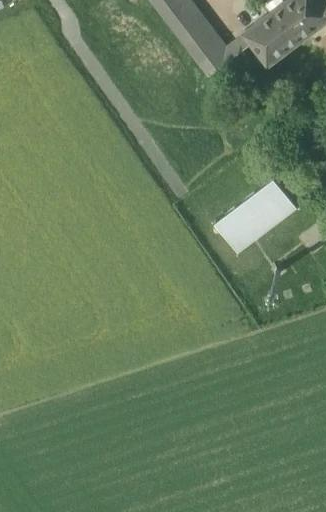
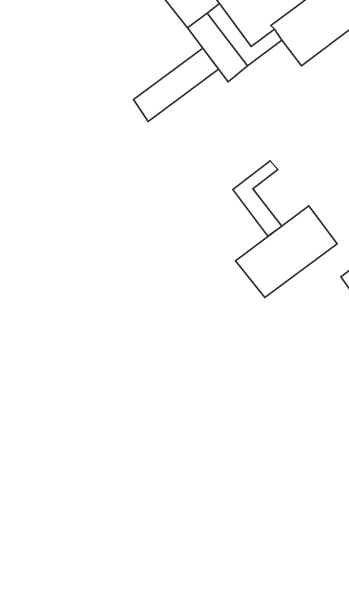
building: none -> [133,48,218,122]
building: none -> [233,161,282,236]

